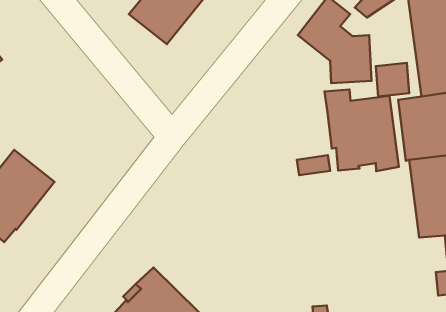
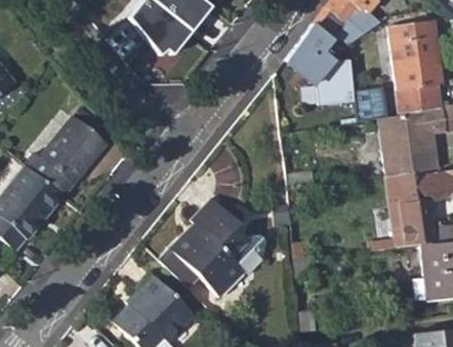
building: [324,89,399,171] -> none
building: none -> [25,116,106,195]
building: none -> [167,195,263,295]

